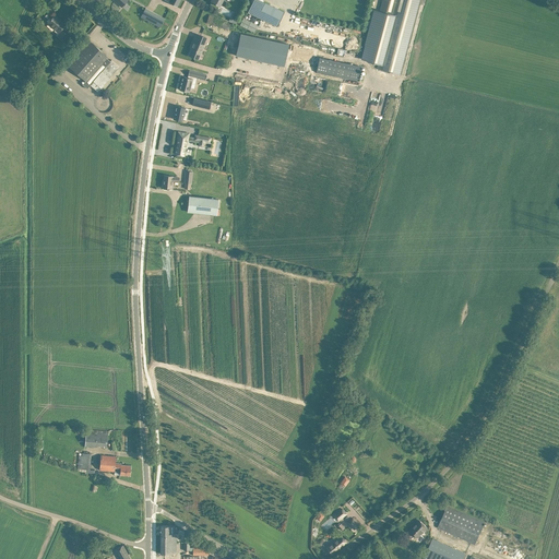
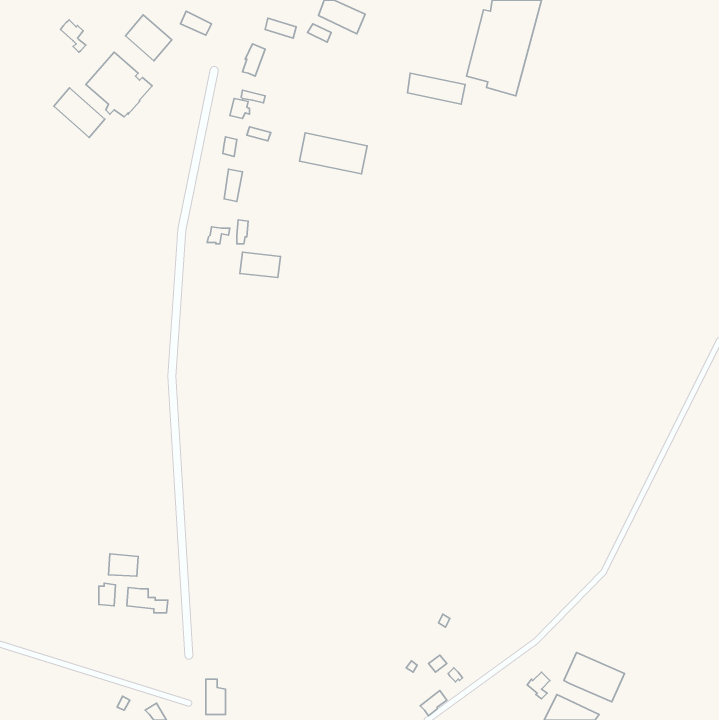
building: none -> [125,15,172,61]
building: [235,34,287,66] -> [299,133,367,174]
building: none -> [54,88,105,138]

